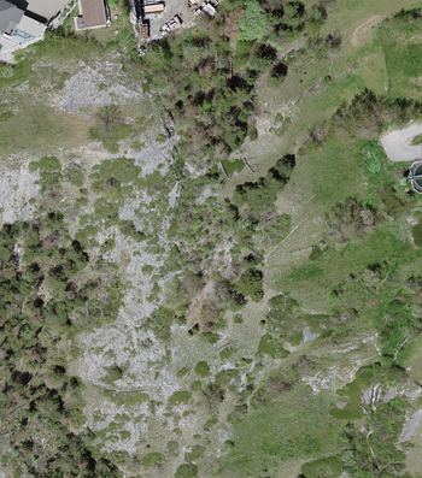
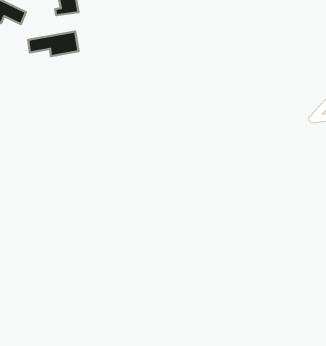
building: none -> [28,31,79,56]

